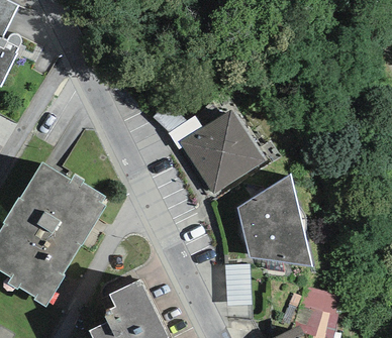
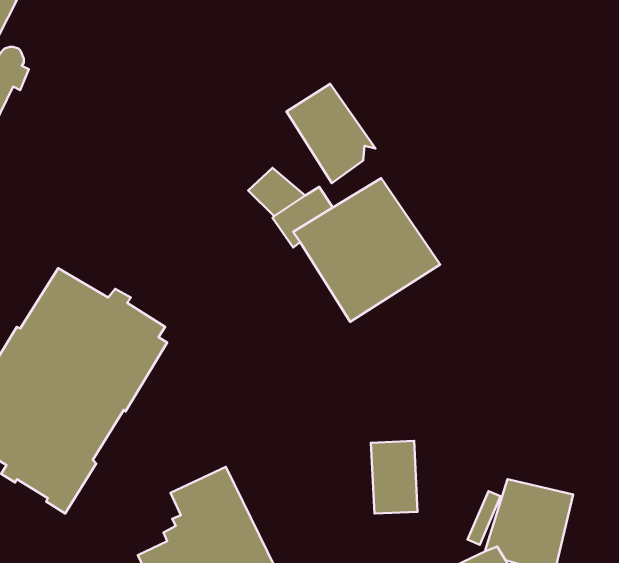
building: none -> [287,84,376,183]
building: [236,174,311,266] -> none

